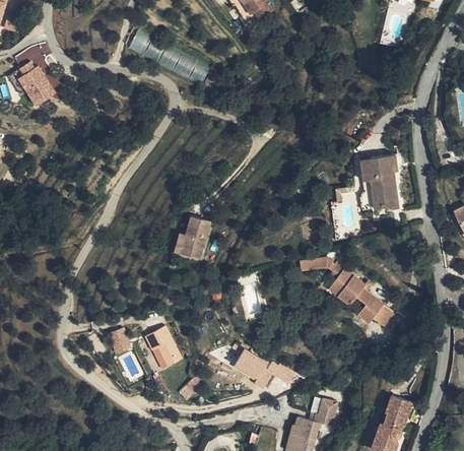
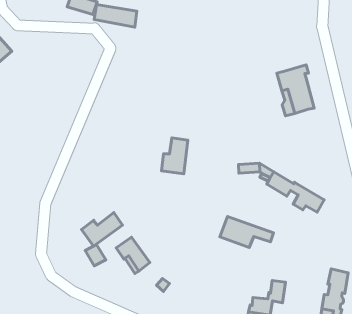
building: [175,214,210,258] -> [161,138,188,174]
building: none -> [81,212,123,246]
building: [231,347,294,387] -> [220,216,273,248]

